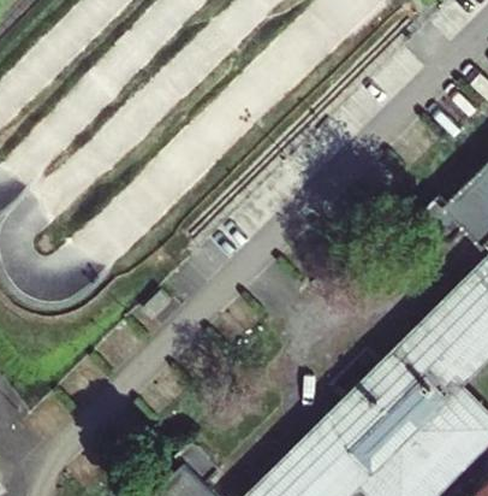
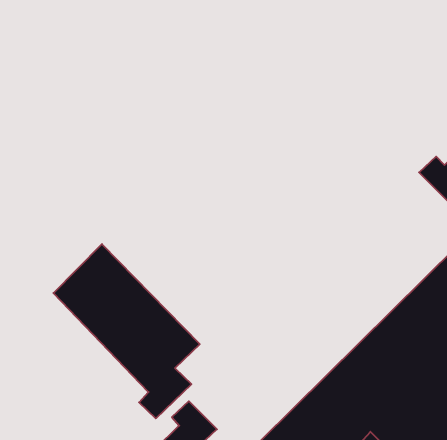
building: none -> [53,244,200,418]

